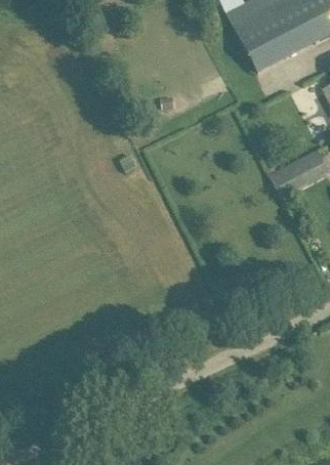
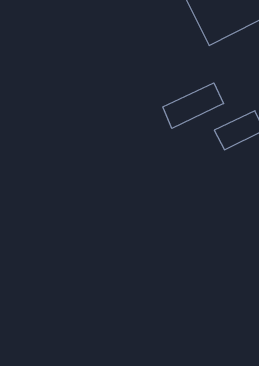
building: none -> [163,83,224,128]

